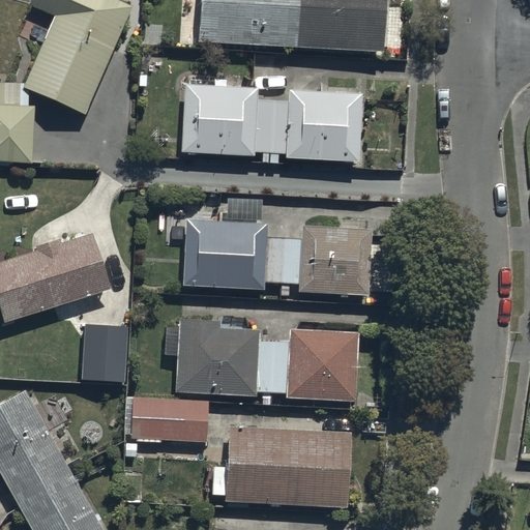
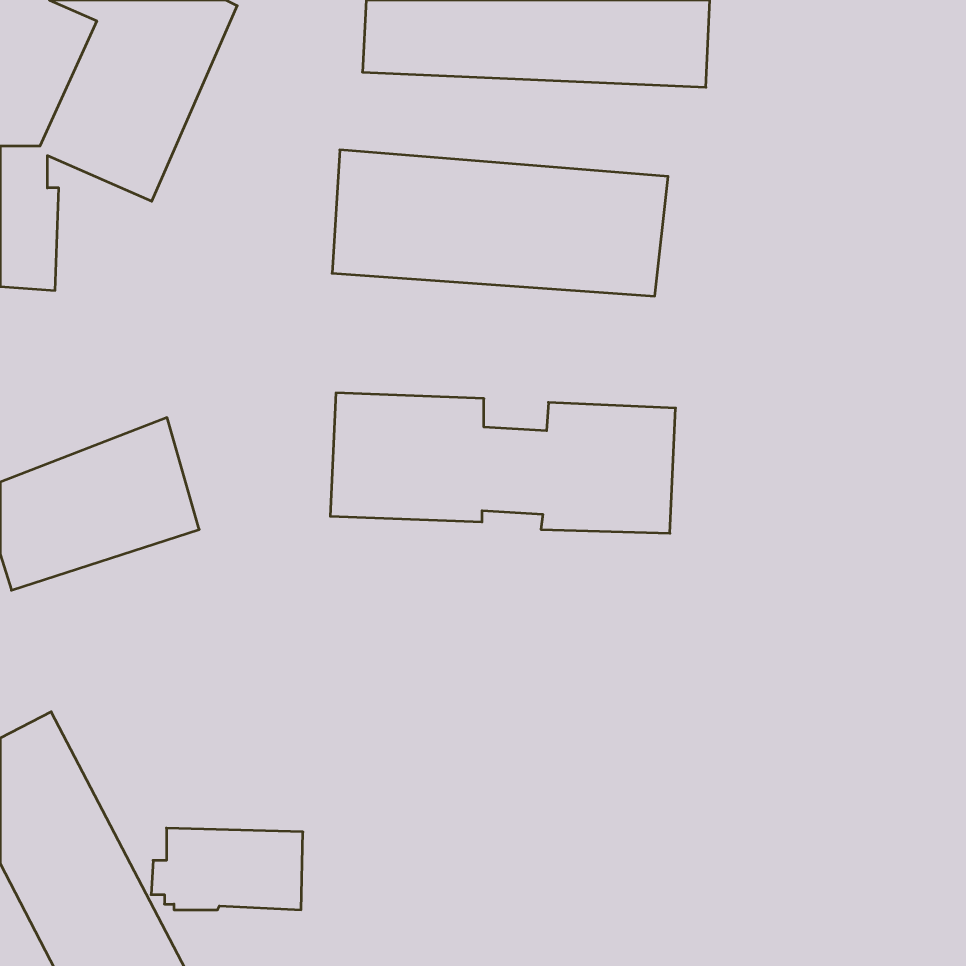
building: [165,295,359,399] -> none
building: [81,323,127,381] -> none
building: [124,398,207,442] -> [151,828,303,910]
building: [224,426,349,505] -> none

